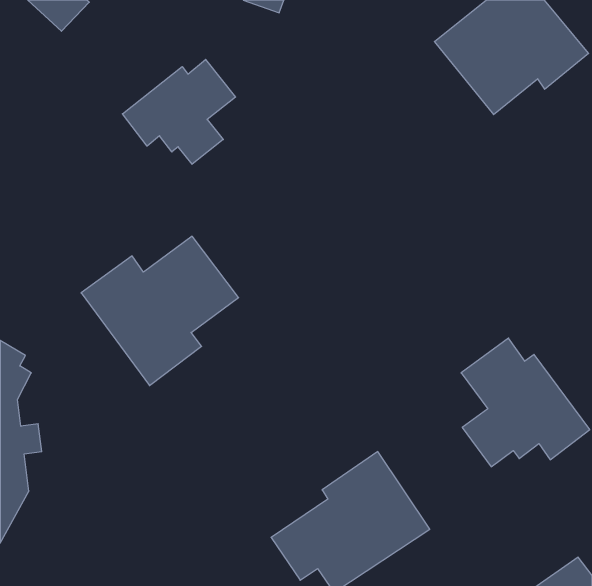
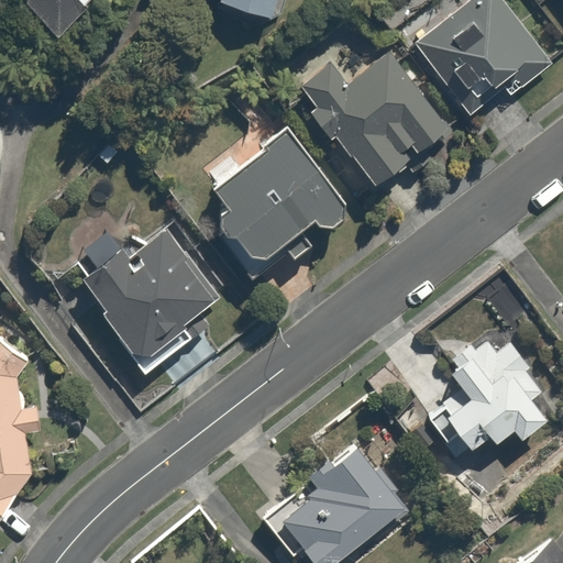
building: none -> [296,49,449,194]
building: [122,59,236,164] -> none
building: none -> [208,126,349,279]

